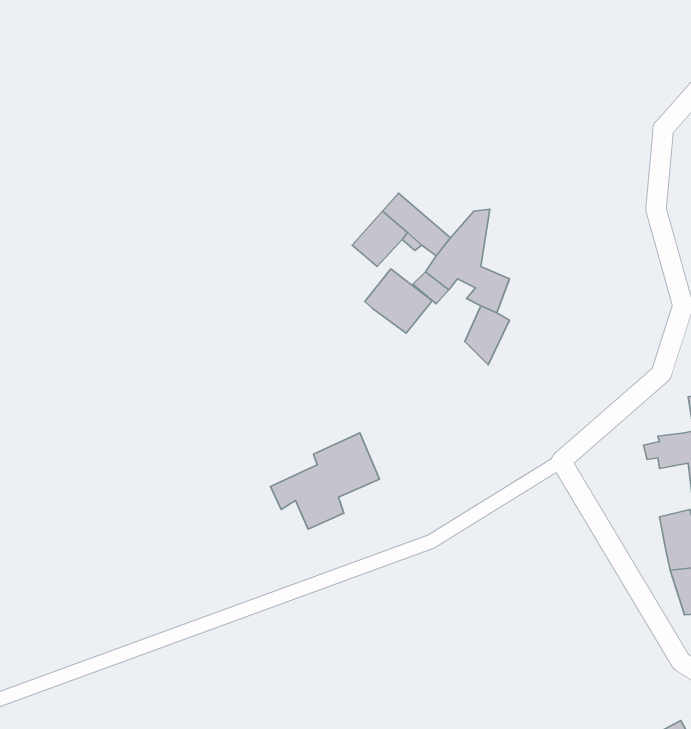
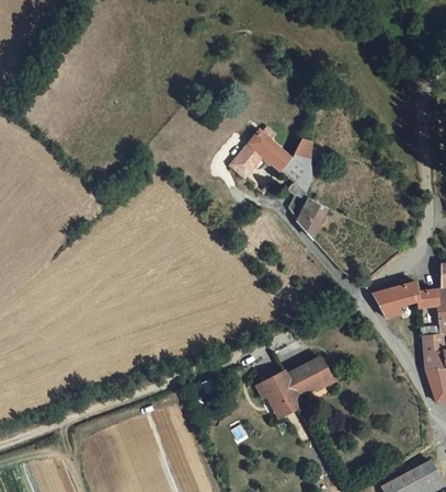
building: [365,269,432,333] -> none
building: none -> [375,279,421,314]
building: [271,433,380,529] -> [261,354,328,413]

